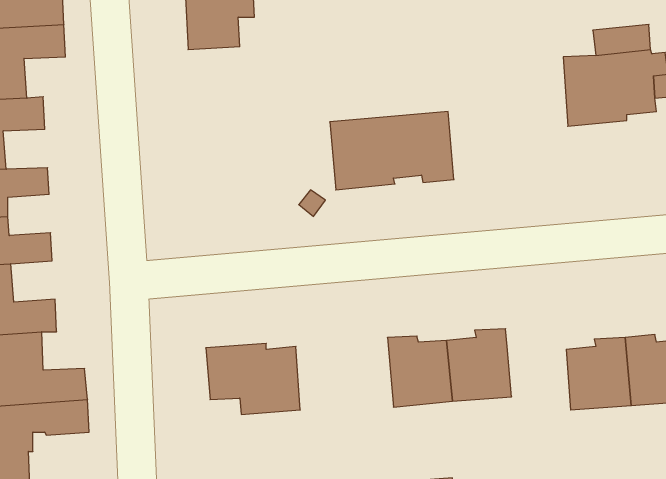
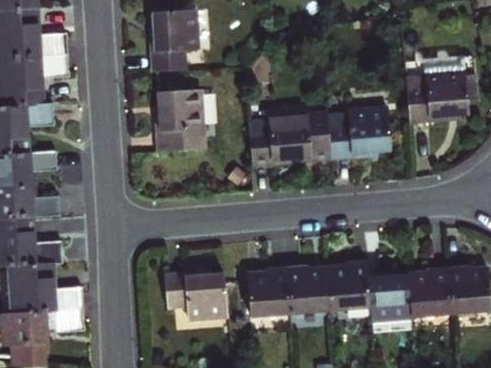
building: none -> [154,90,202,152]
building: none -> [327,109,390,160]
building: none -> [246,267,290,317]
building: none -> [367,272,412,332]

